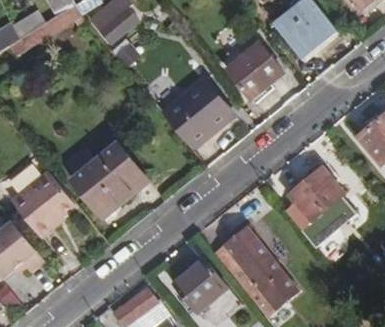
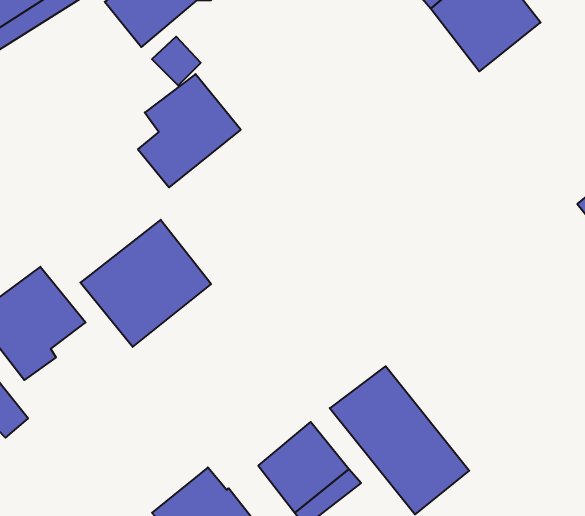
building: [227,43,282,98] -> none
building: [172,81,231,146] -> [138,74,241,187]
building: [281,166,353,241] -> none

